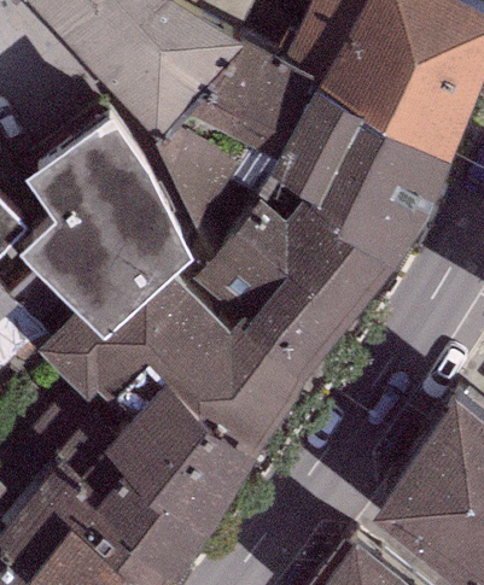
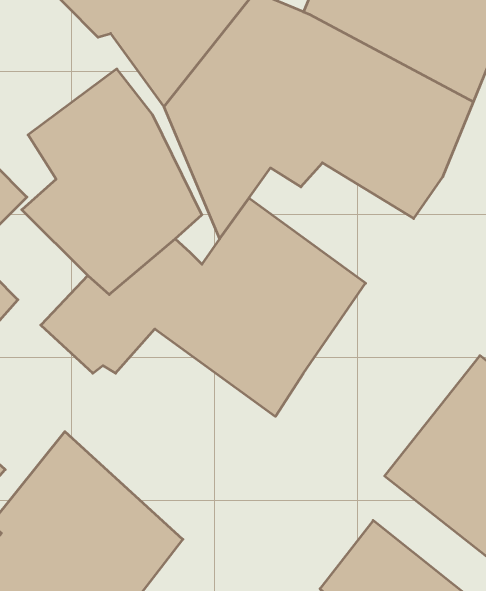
building: [251,171,408,286] -> none
building: [76,329,276,530] -> none

